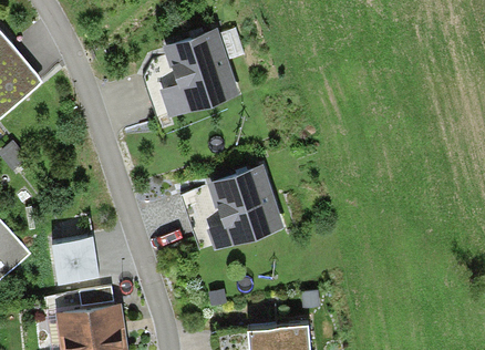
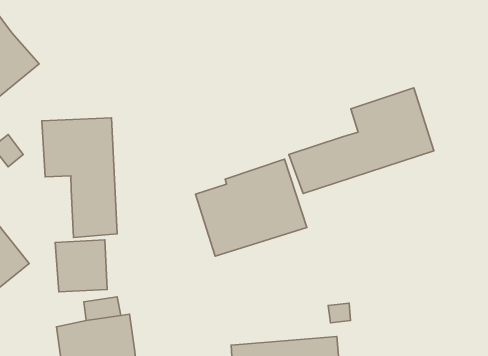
building: [143,28,241,123] -> none
building: none -> [289,88,434,193]
building: none -> [42,118,117,237]

